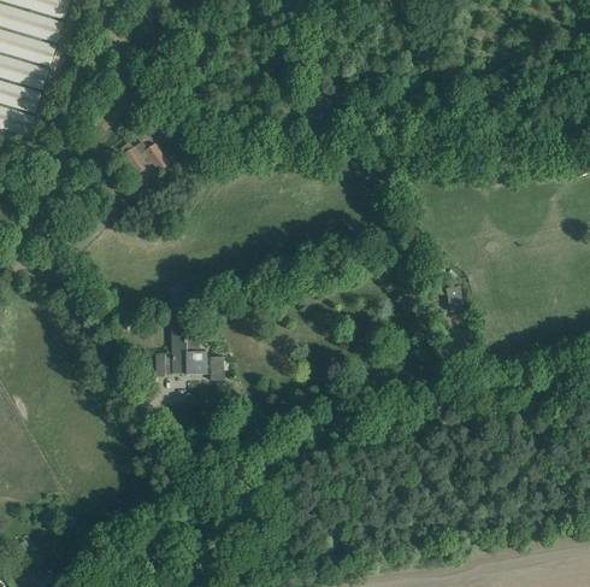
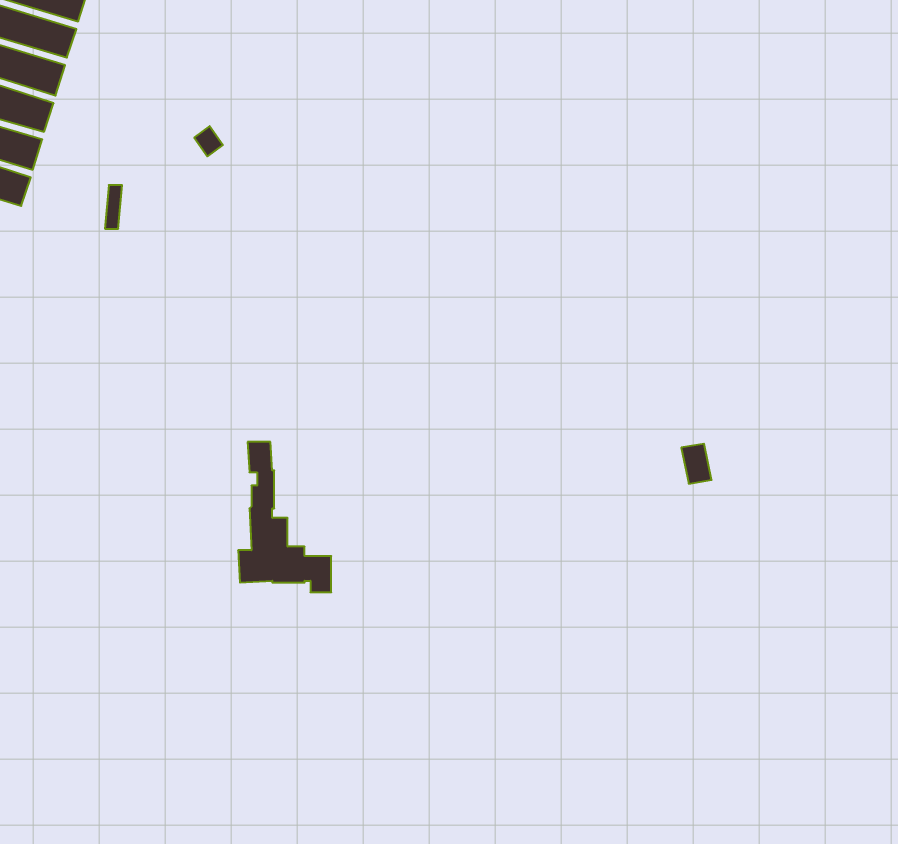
building: [120,143,166,174] -> none

